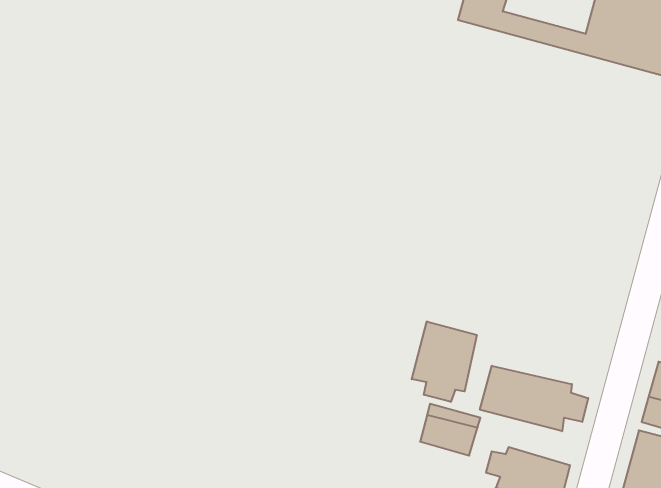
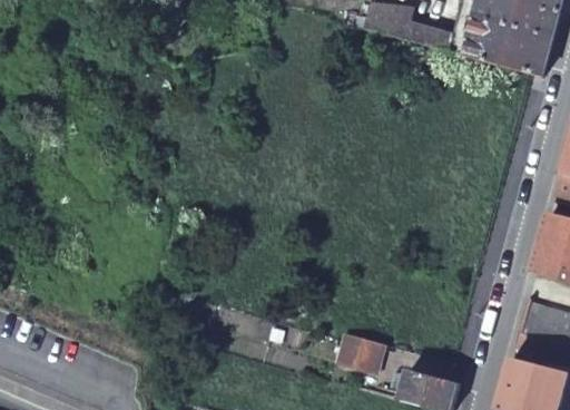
building: [412,321,477,402] -> none
building: [480,366,588,431] -> none

